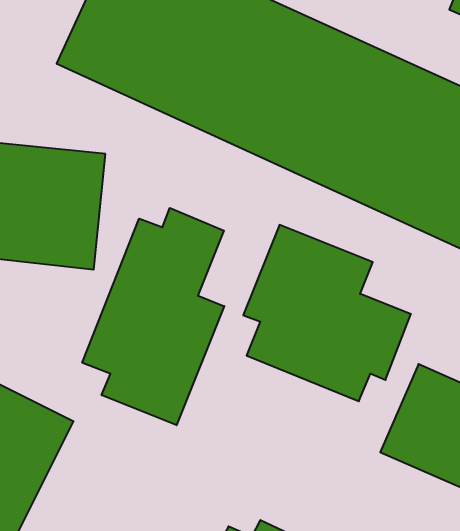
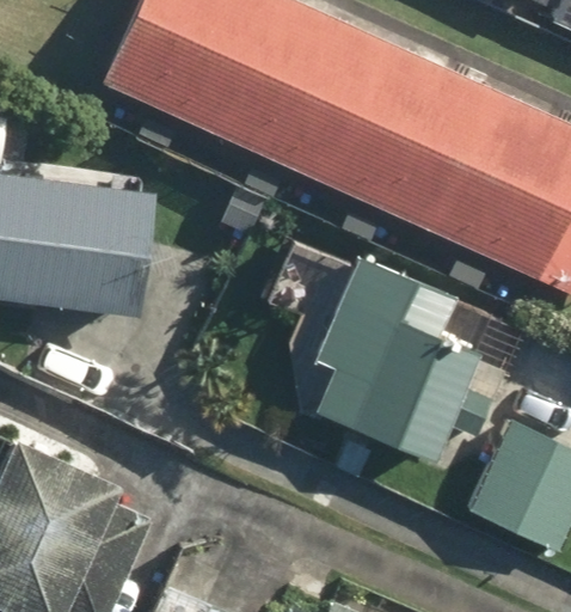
building: [82,208,224,425] -> none

